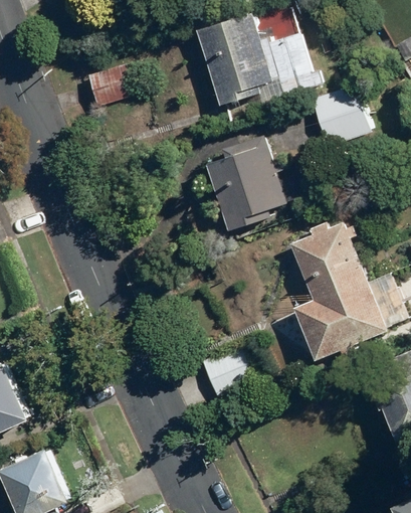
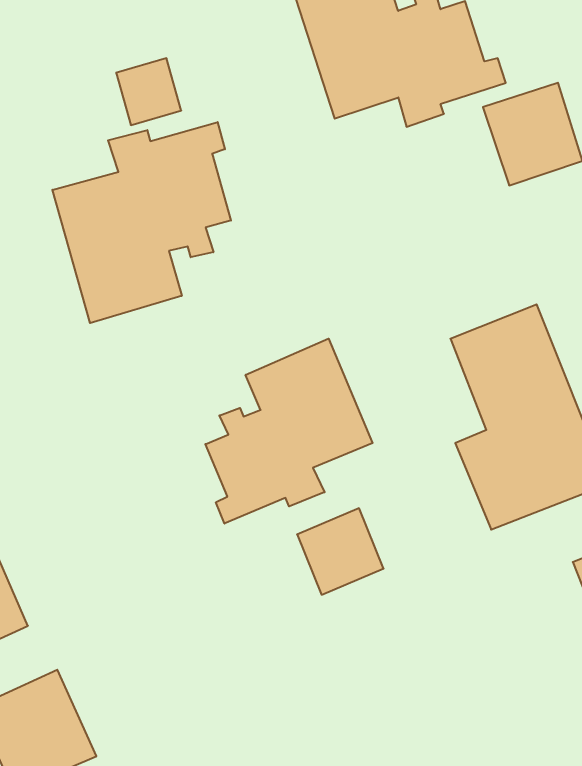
building: none -> [52,122,231,323]
building: [203,136,284,231] -> none
building: none -> [205,339,373,524]

